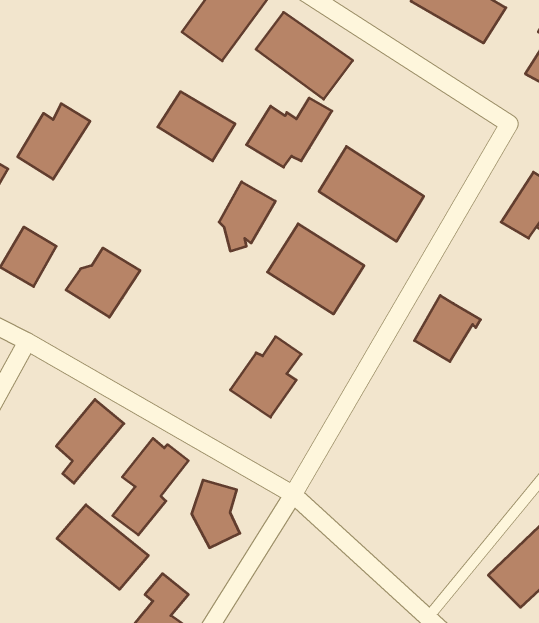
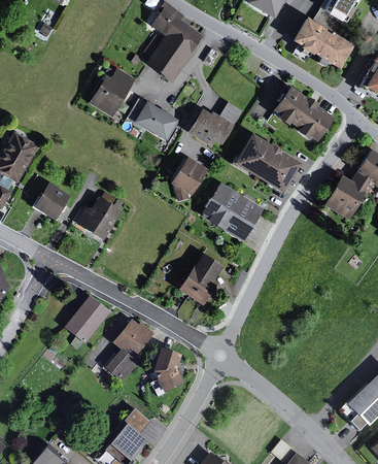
building: [256,12,353,99] -> [274,88,336,143]
building: [18,104,90,179] -> [91,67,137,115]
building: [414,295,481,362] -> [327,176,369,219]
building: [57,505,148,589] -> none

